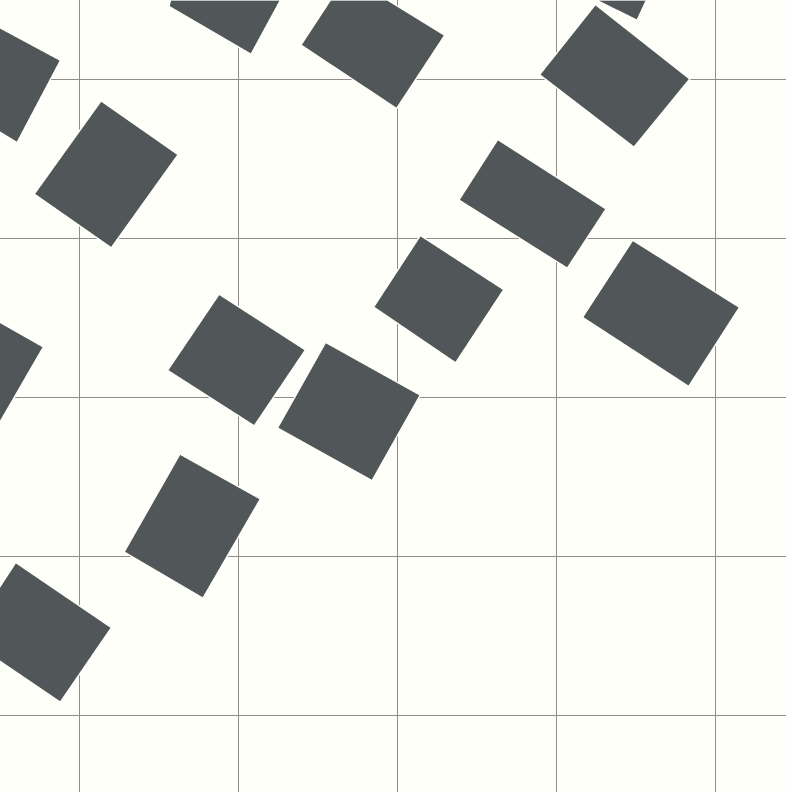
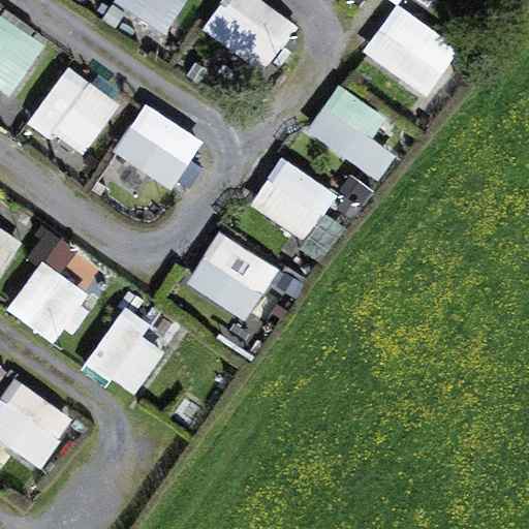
building: [582,240,740,387] -> none
building: [168,294,306,426] -> [112,104,204,192]
building: none -> [5,261,88,345]

